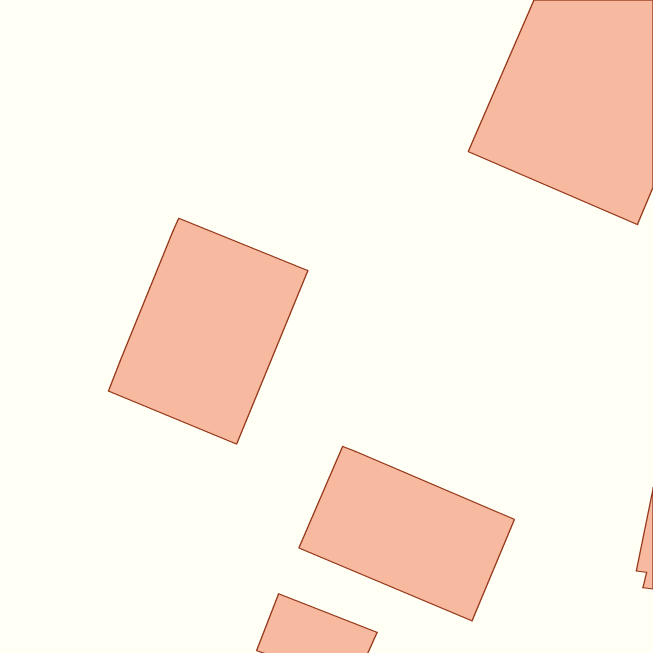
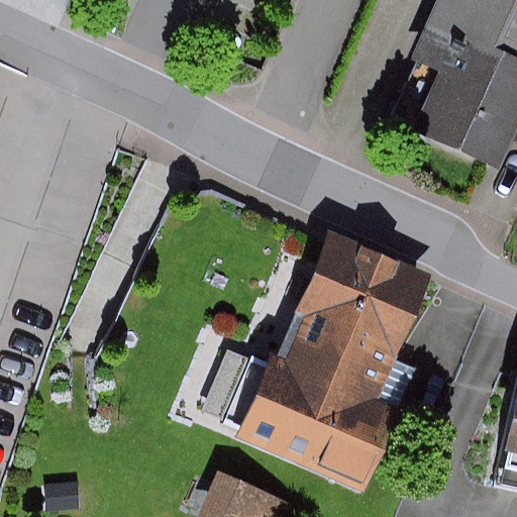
building: [109,218,308,444] -> none
building: none -> [280,228,435,401]

